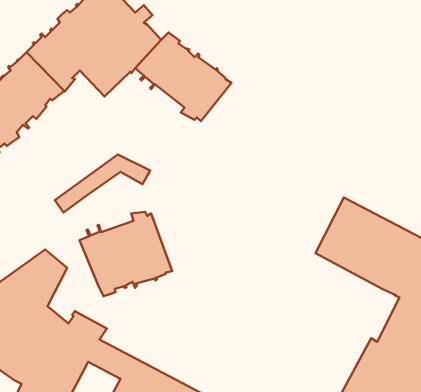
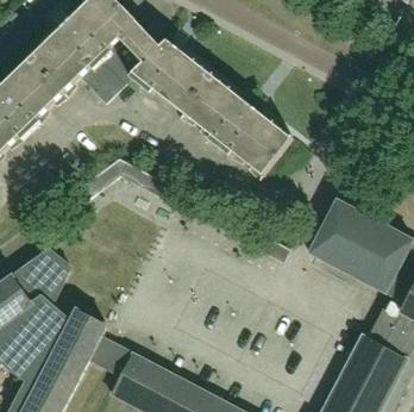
building: none -> [199,88,294,179]
building: [80,212,172,296] -> none

